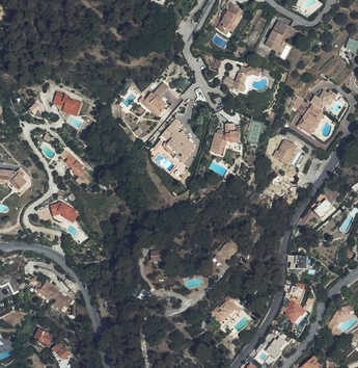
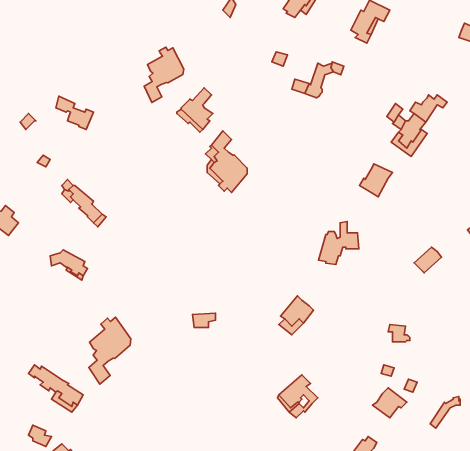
building: none -> [144,47,184,102]
building: [212,125,241,156] -> [318,221,359,264]
building: none -> [89,317,131,384]

